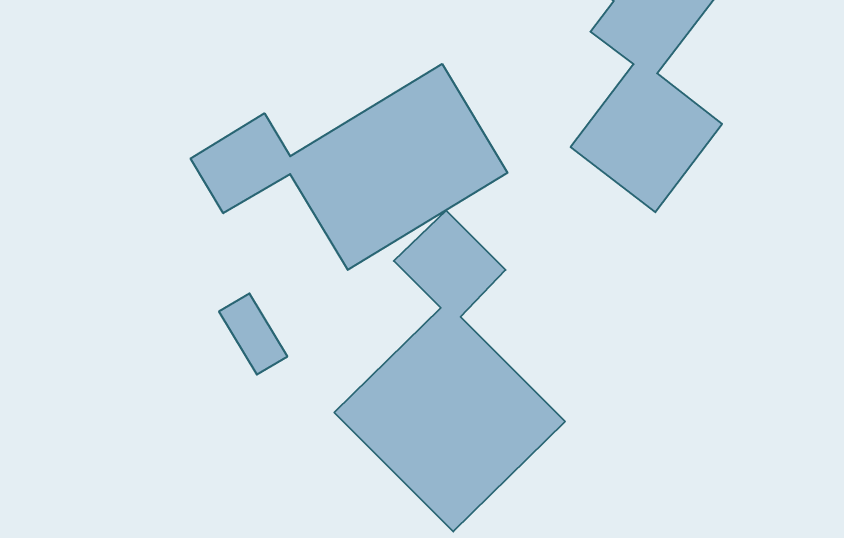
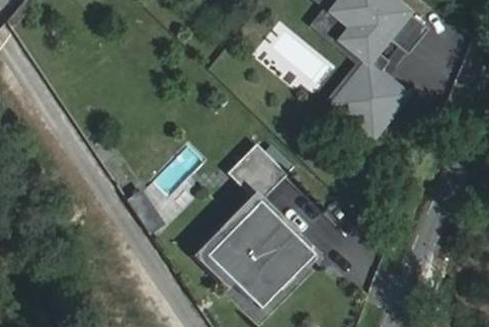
building: [191,64,507,270] -> none

